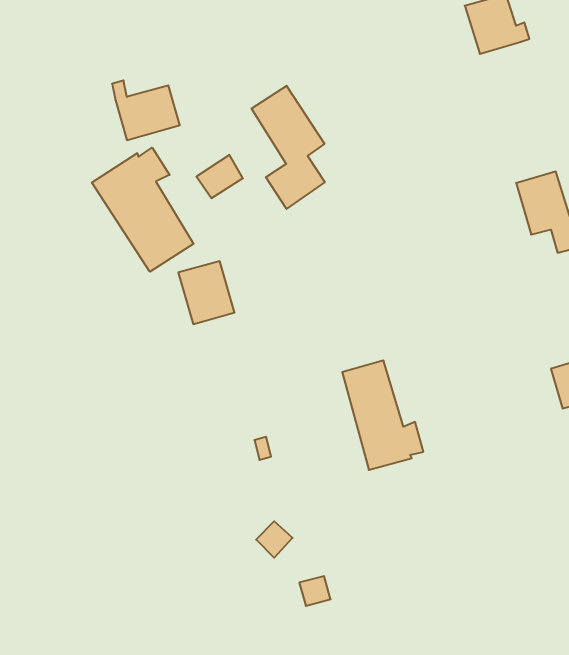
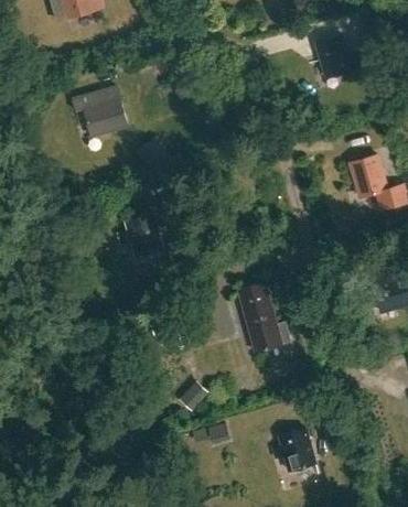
building: [252,86,325,209] -> none
building: [92,148,194,272] -> none
building: none -> [270,428,315,471]

